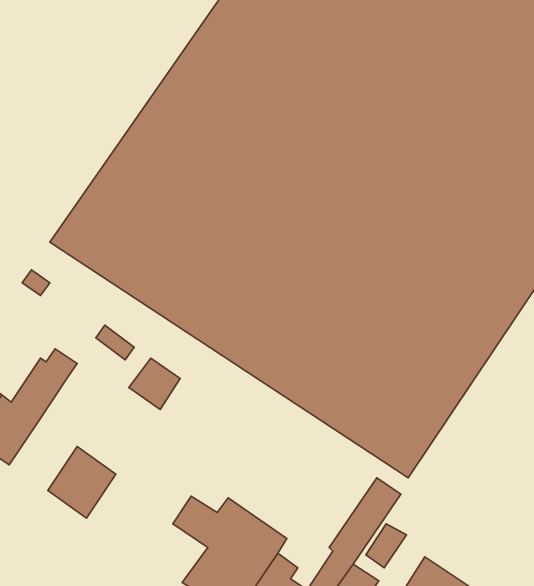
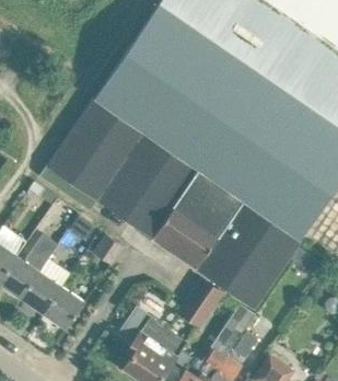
building: none -> [22,273,62,314]
building: none -> [180,280,224,328]

